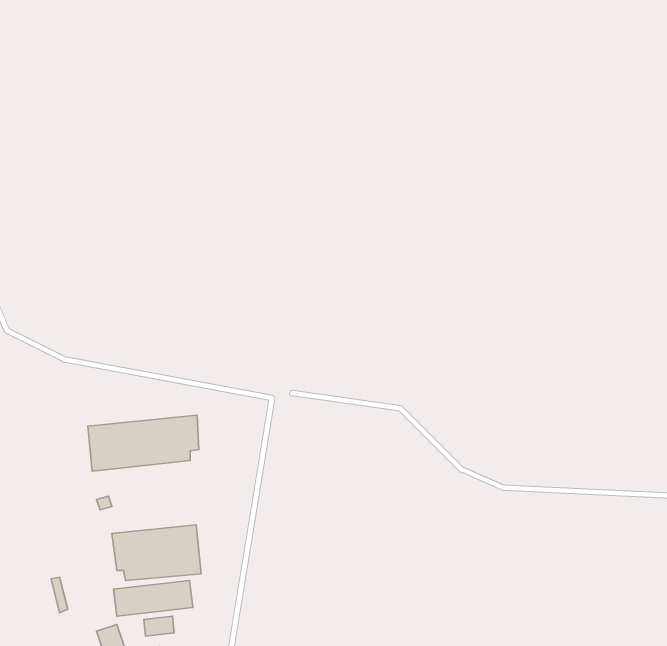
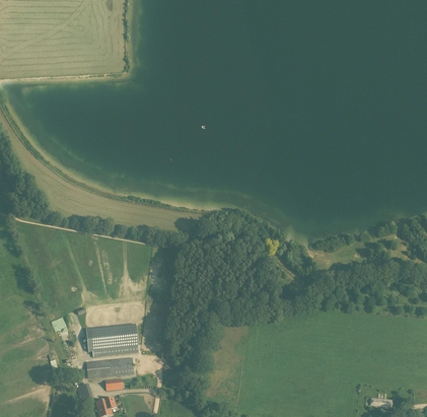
building: [88,415,199,471] -> none

